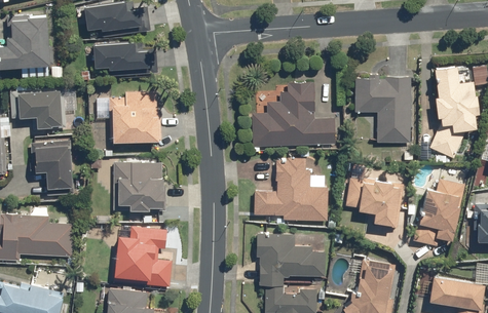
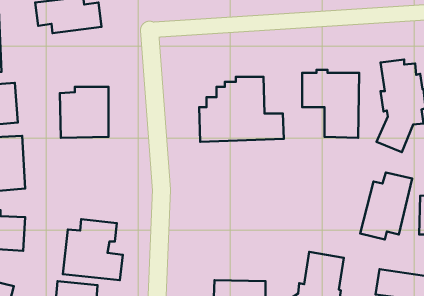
building: [93,42,158,78] -> none
building: [254,157,329,222] -> none
building: [114,163,163,212] -> none
building: [345,177,404,228] -> none
building: [257,233,327,285] -> none

